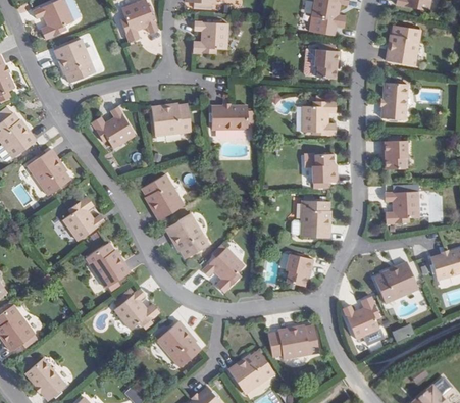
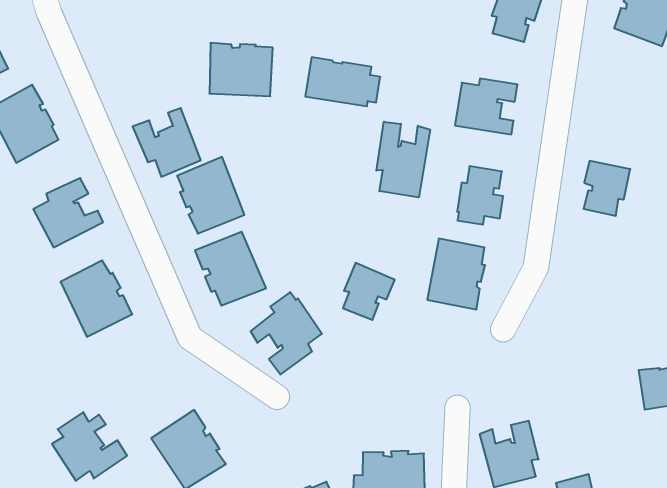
building: [382,82,407,118] -> none
building: [91,106,134,148] -> [132,108,201,177]
building: none -> [376,122,430,197]
building: [384,192,418,222] -> none
building: [285,253,313,285] -> [343,263,395,320]
building: [373,261,417,303] -> none
building: [115,290,160,331] -> [52,412,127,481]

